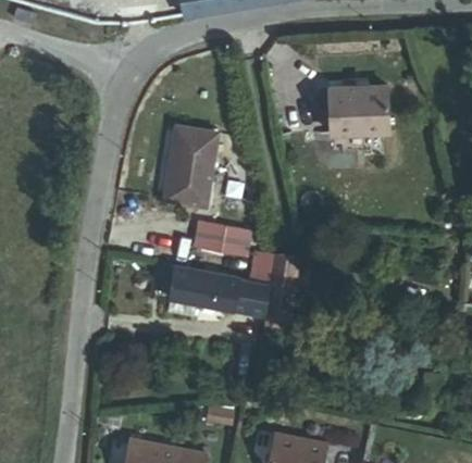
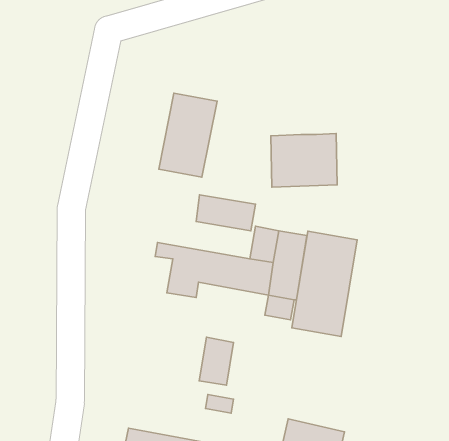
building: [332,86,394,136] -> [271,133,337,187]
building: none -> [292,231,357,337]
building: none -> [199,337,234,385]

